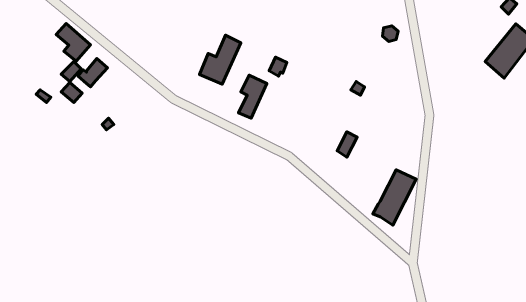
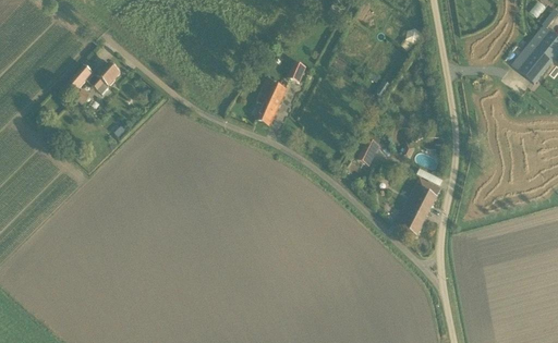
building: [56,24,90,61] -> none
building: [200,35,241,84] -> none

